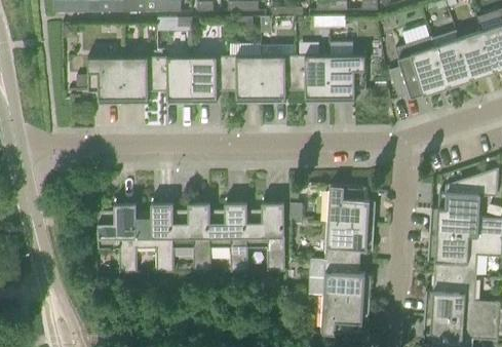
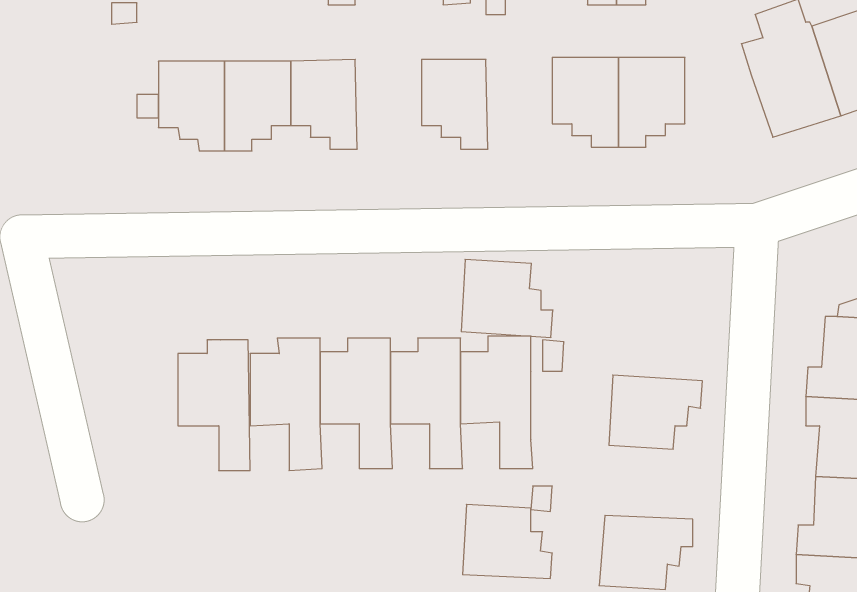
building: [261,54,296,103] -> none
building: [192,55,227,103] -> none
building: [327,184,376,225] -> [461,259,553,337]
building: [323,259,371,298] -> [463,504,552,578]

